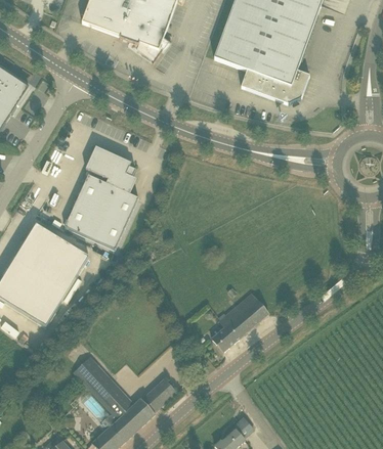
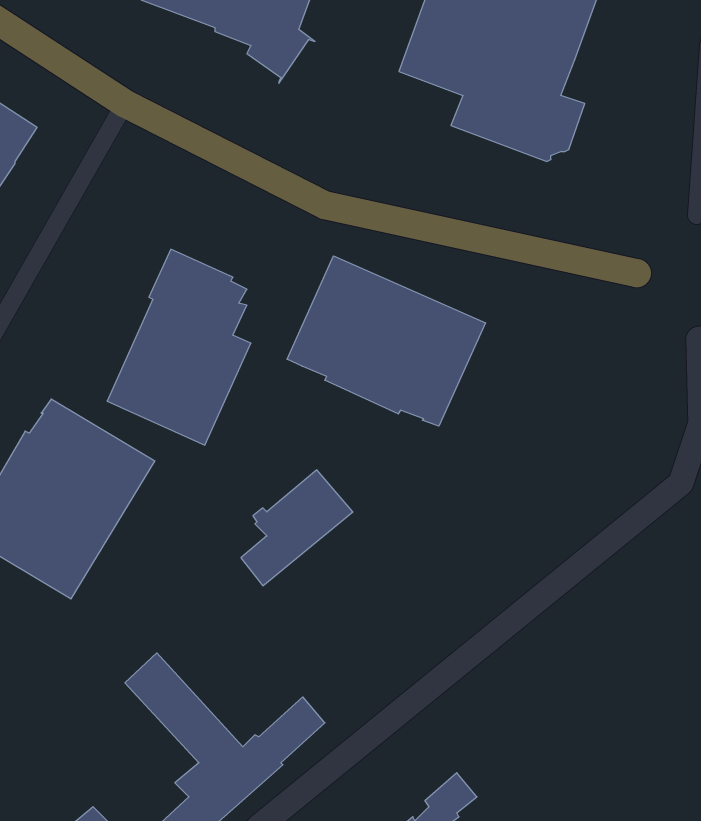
building: none -> [287,256,485,426]
building: [212,291,269,351] -> [241,470,353,586]

